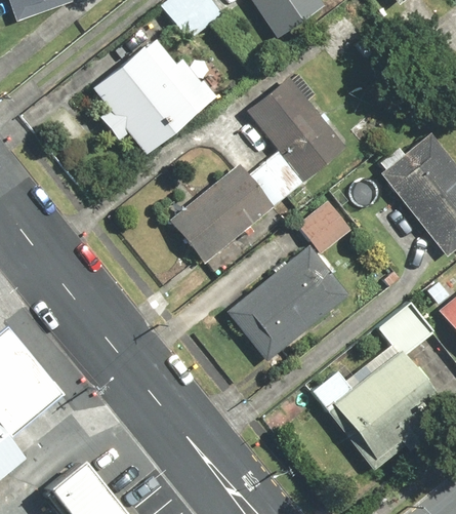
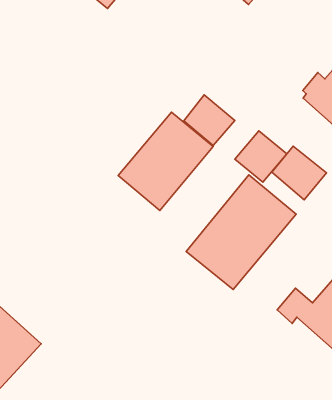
building: [90,37,217,156] -> none
building: [242,75,346,181] -> none
building: none -> [272,146,327,200]

